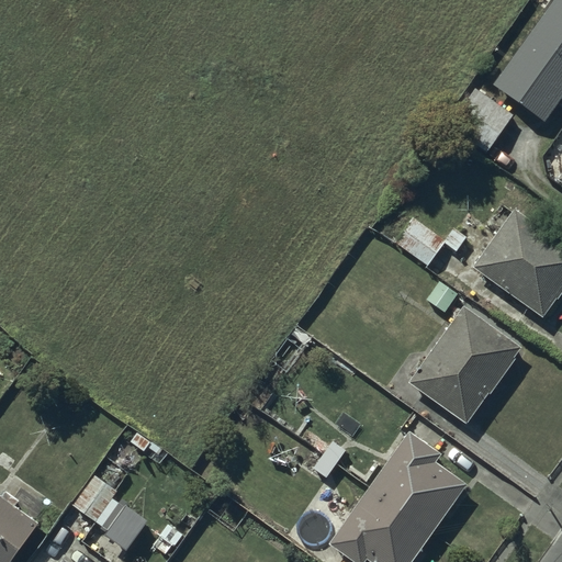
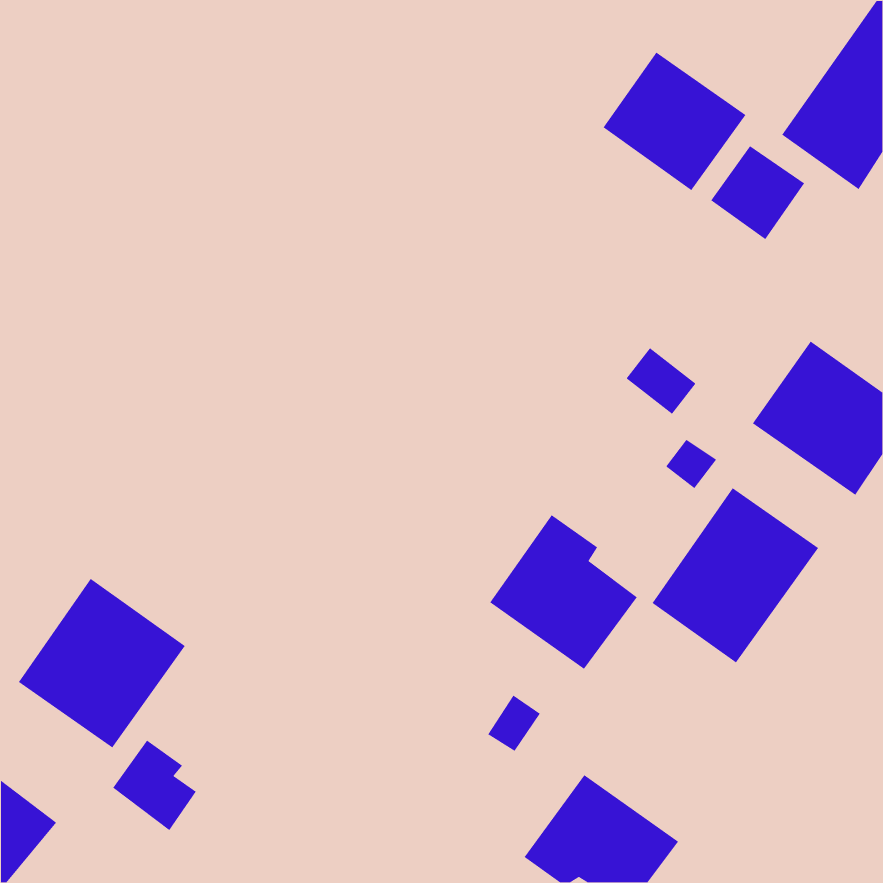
building: none -> [603,51,747,191]
building: none -> [18,578,186,749]
building: [371,436,465,535] -> [489,514,638,670]

